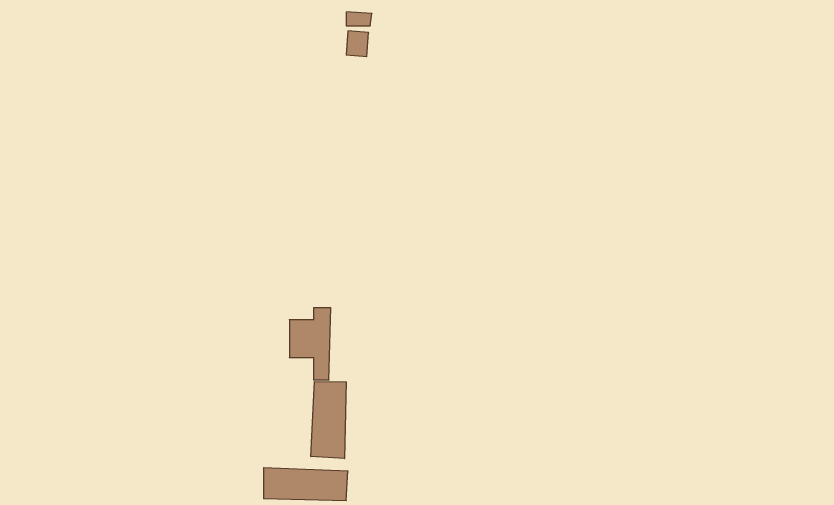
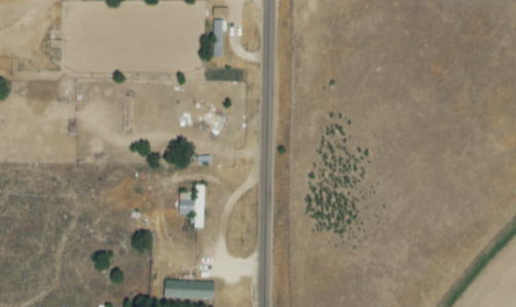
building: [311,382,346,459] -> none

